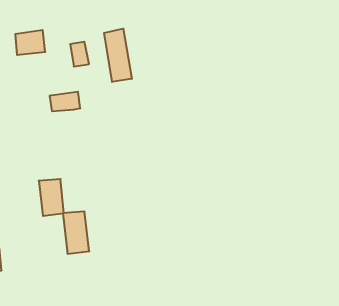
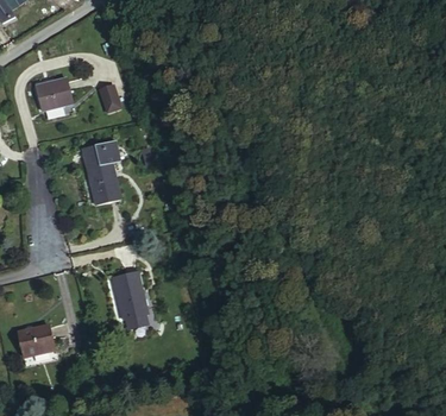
building: [104,29,132,82] -> none
building: [39,179,64,216] -> [87,162,119,204]

